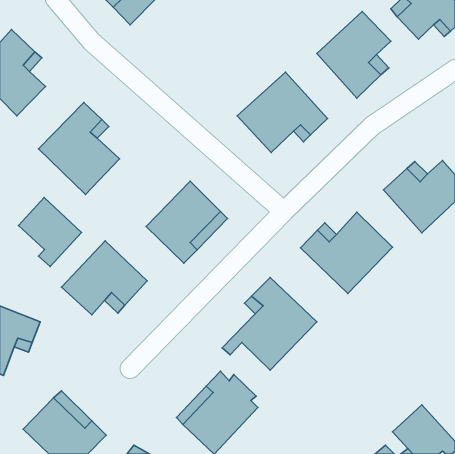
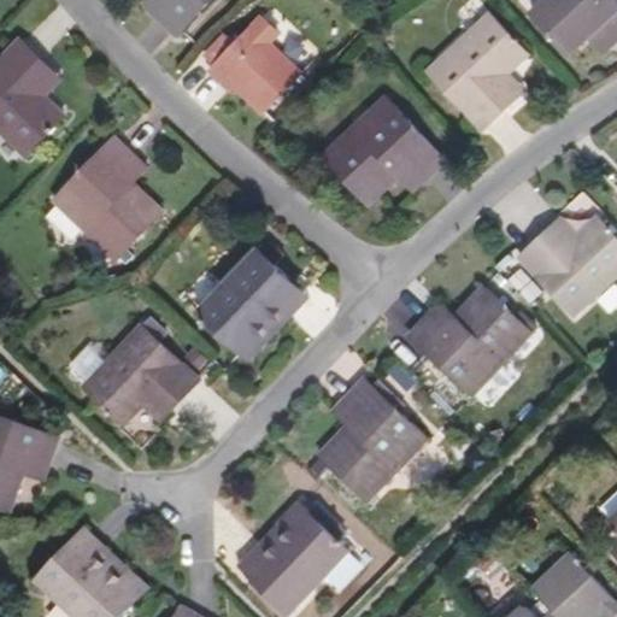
building: none -> [205,16,313,112]
building: [19,197,81,267] -> none

